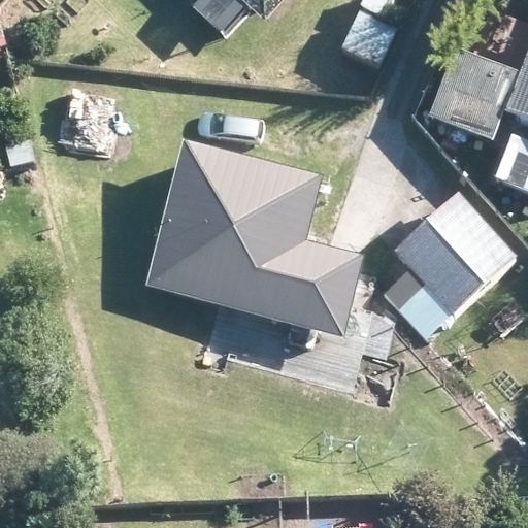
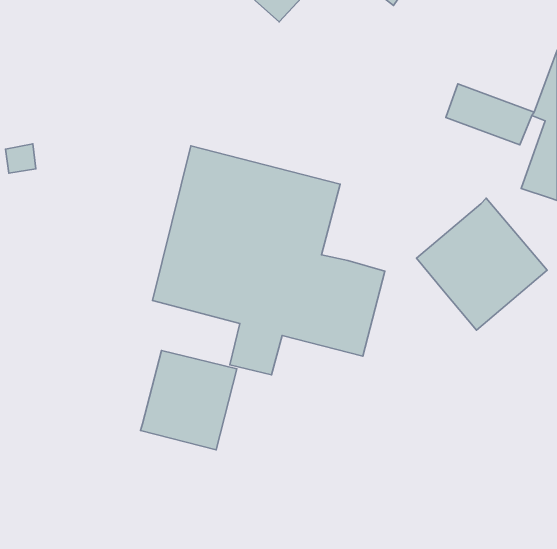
building: none -> [140,350,237,450]

